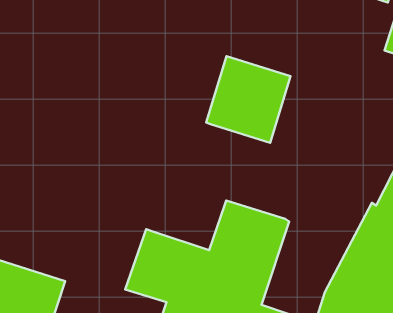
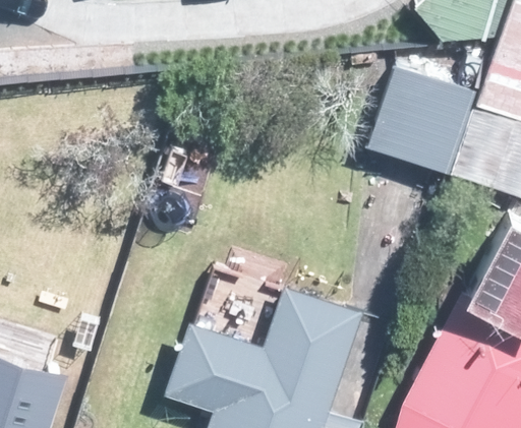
building: [206,56,290,143] -> [368,67,470,172]

